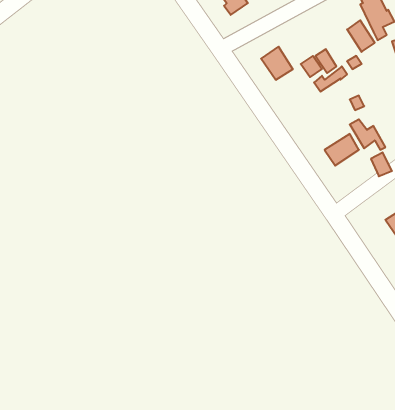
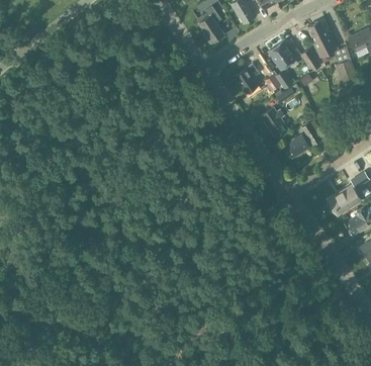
building: none -> [269,40,296,69]
building: none -> [261,107,288,136]

